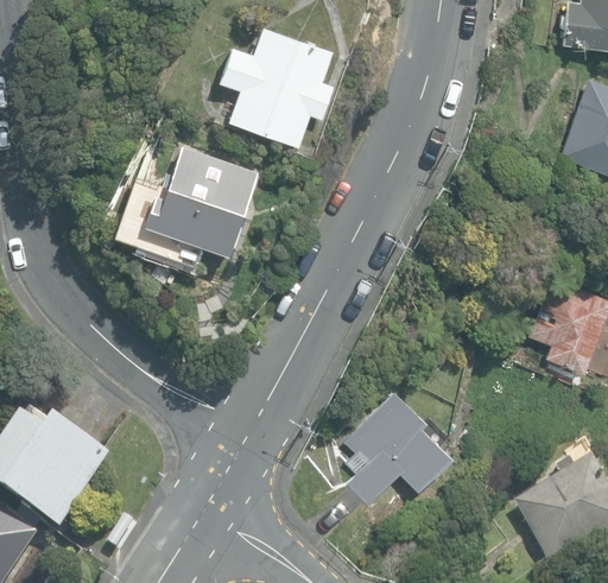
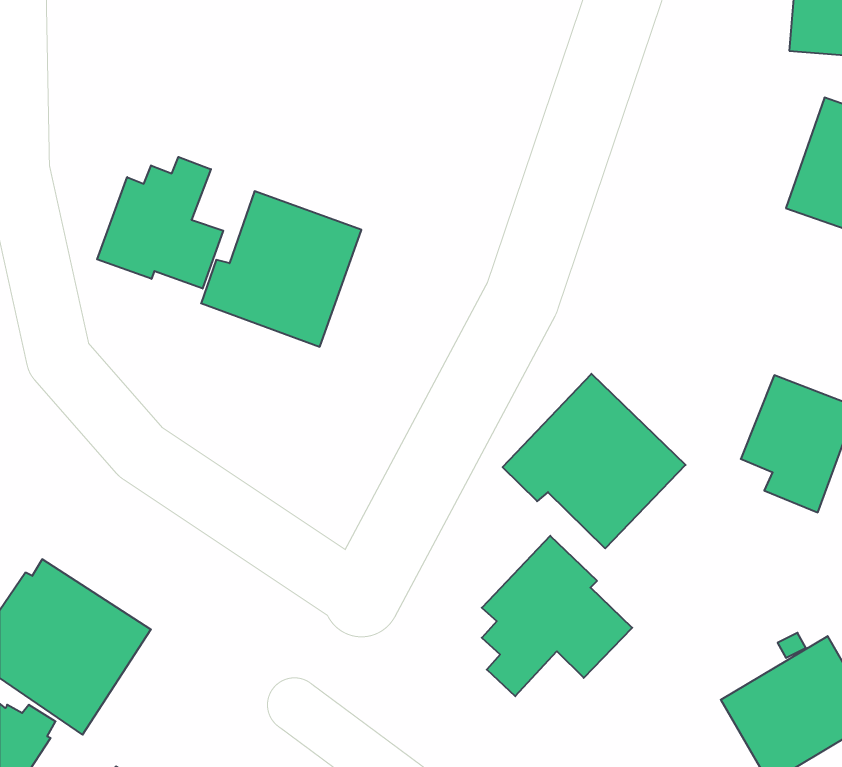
building: [220,26,334,148] -> none
building: none -> [97,157,223,289]
building: none -> [503,374,686,548]

